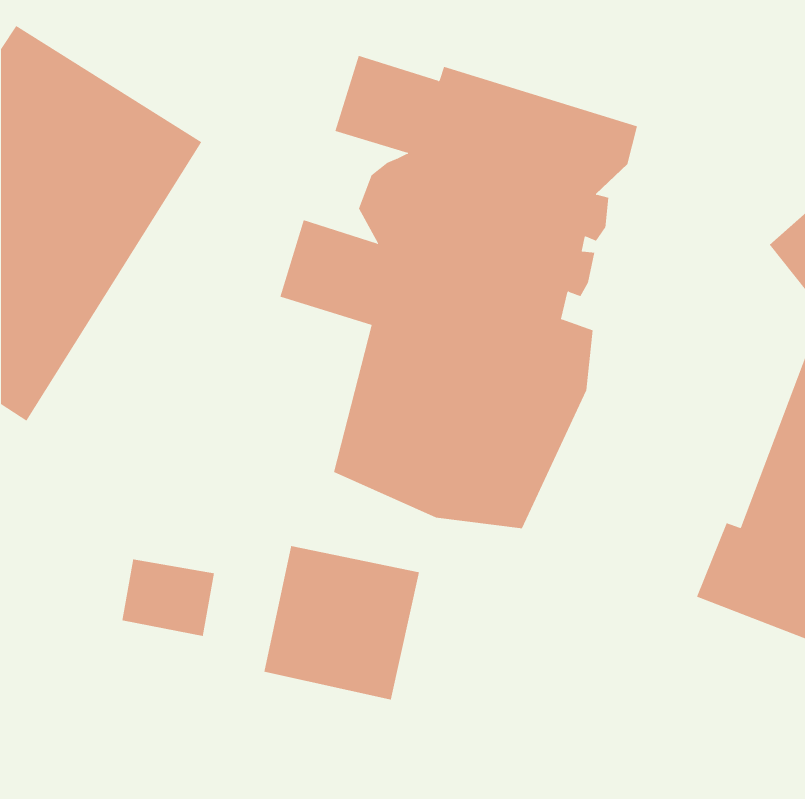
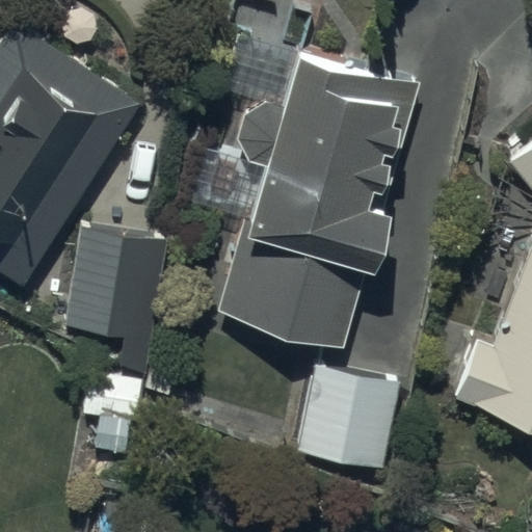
building: none -> [64,231,163,369]
building: [264,545,420,700] -> [296,354,399,456]

